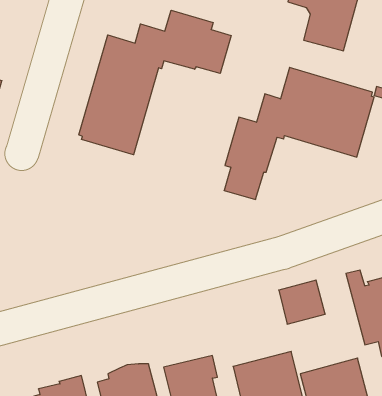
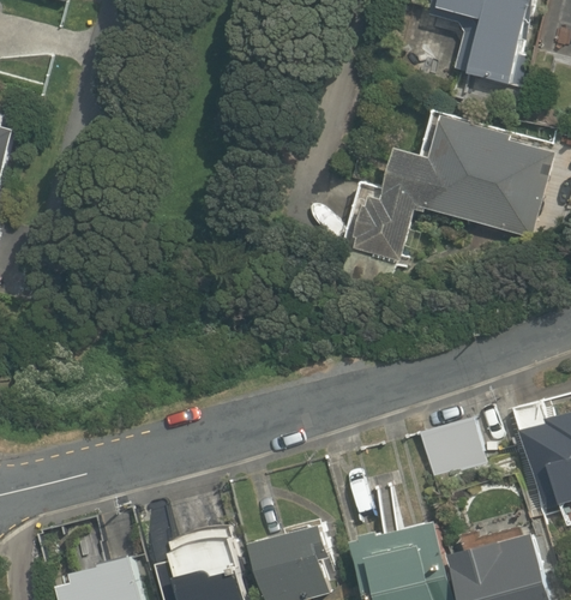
building: [79,10,231,155] -> none

